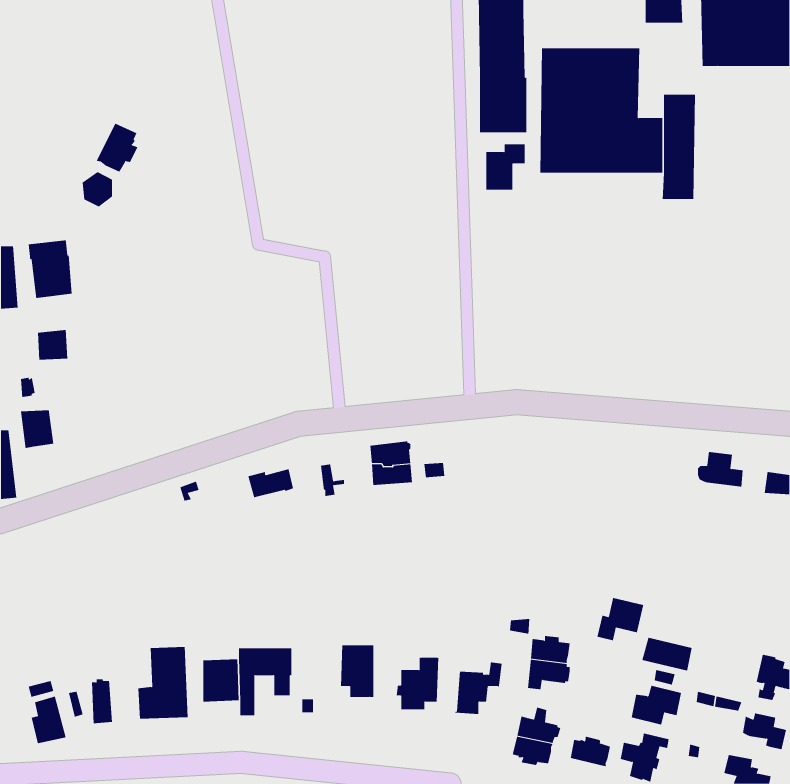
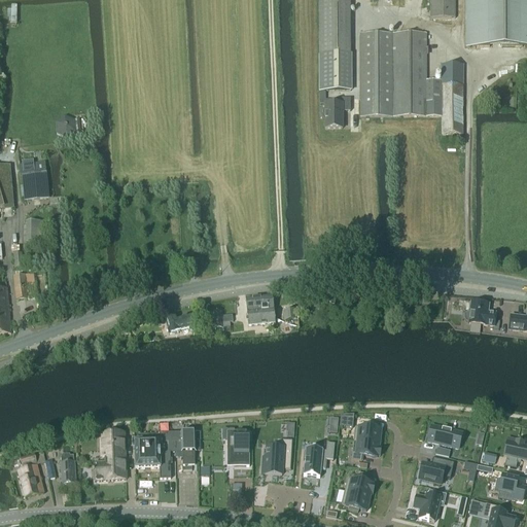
building: [96,123,138,172] -> none
building: [597,597,644,641] -> none
building: [570,736,611,767] -> none

